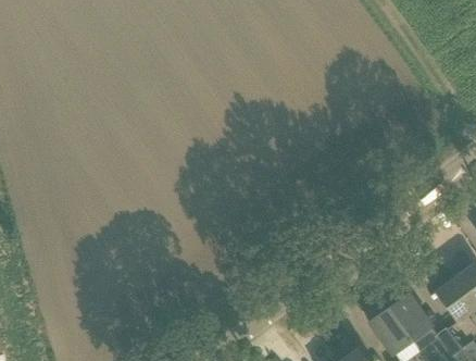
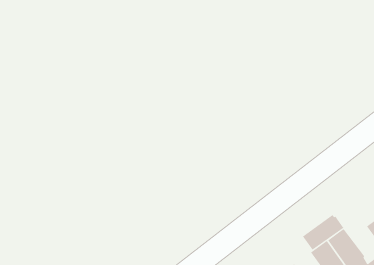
building: none -> [302,214,344,251]

